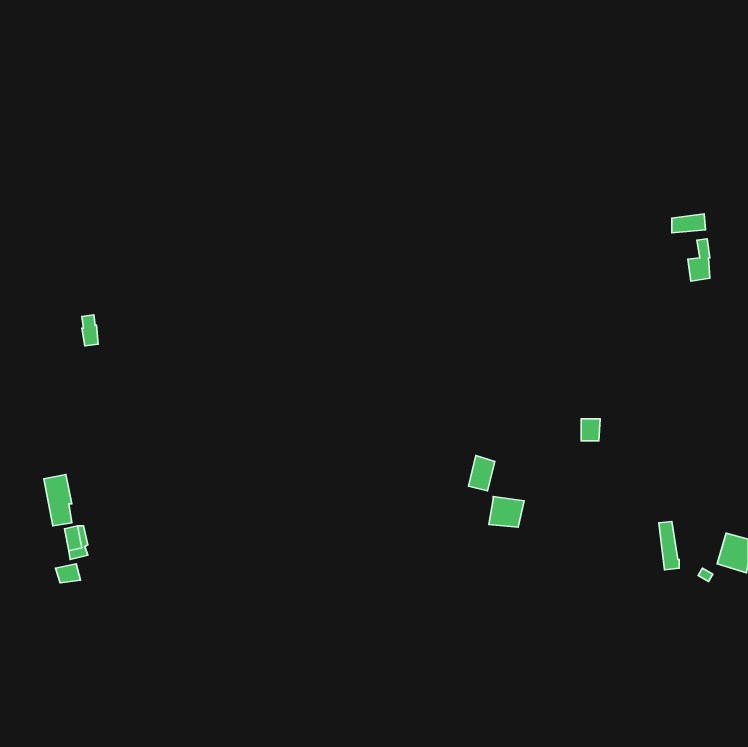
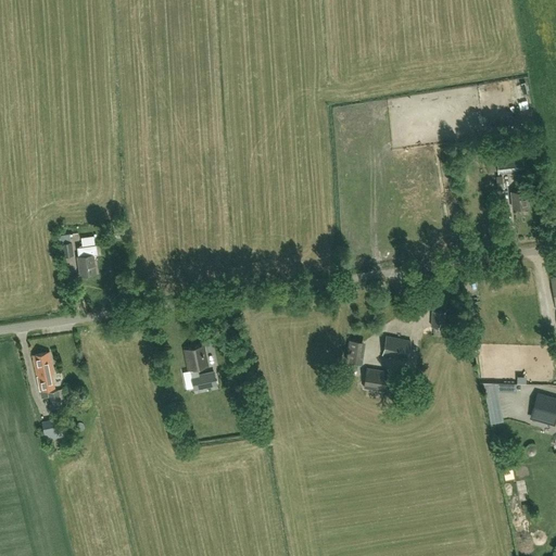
building: none -> [76,245,97,277]
building: none -> [382,338,410,362]
building: none -> [186,346,215,389]

